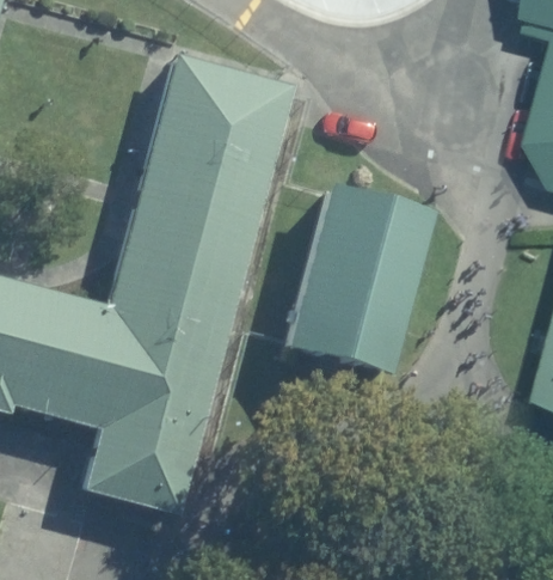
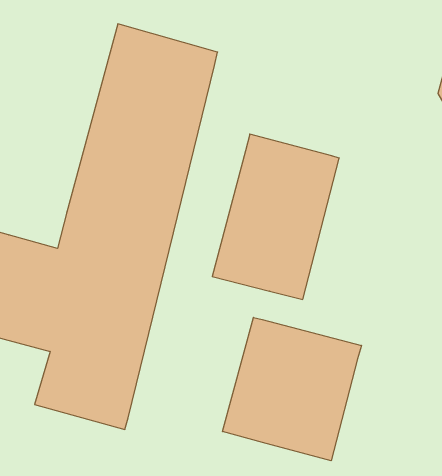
building: none -> [223,317,361,461]

